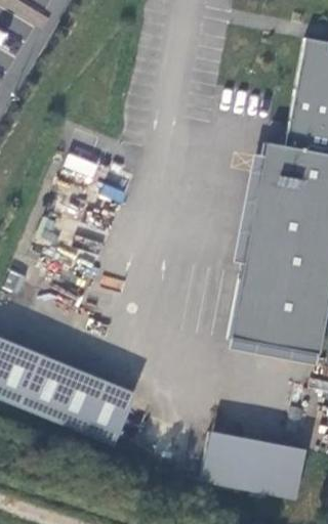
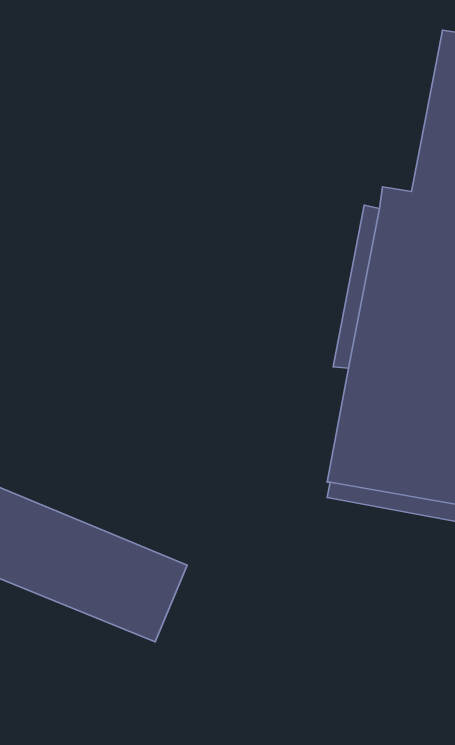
building: [202,431,306,499] -> none

